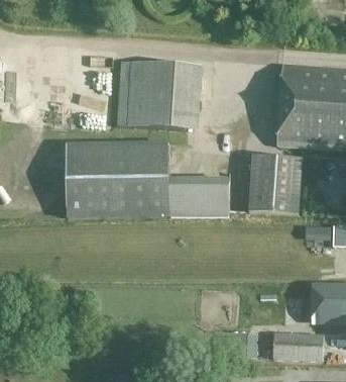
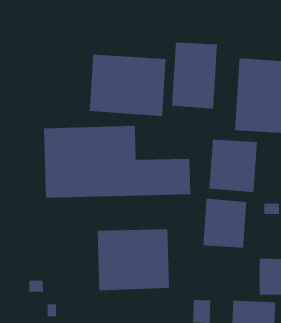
building: none -> [171,42,218,110]
building: none -> [202,198,247,248]
building: none -> [97,228,170,291]

